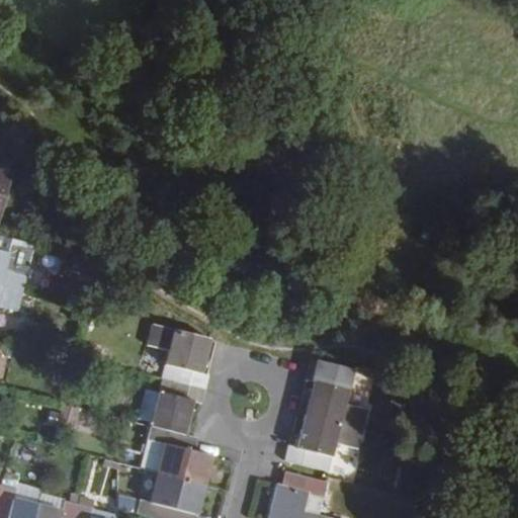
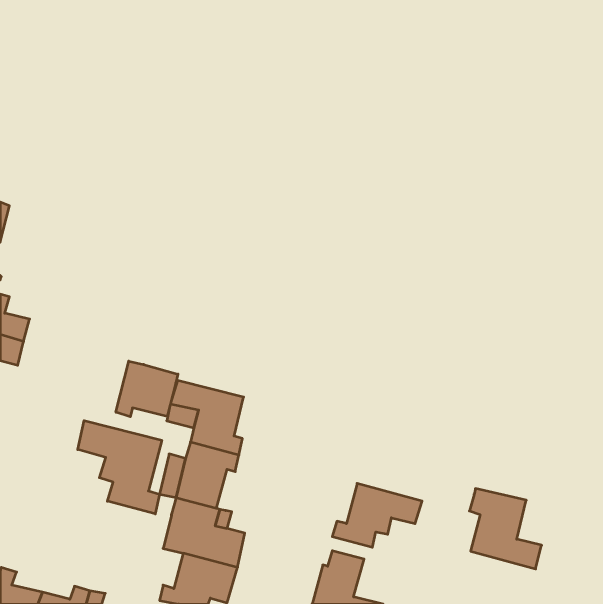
building: none -> [116,361,178,417]
building: none -> [78,421,162,514]
building: [306,360,367,429] -> [469,489,542,569]

